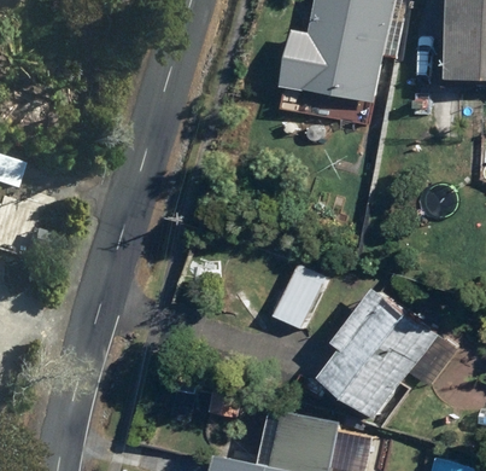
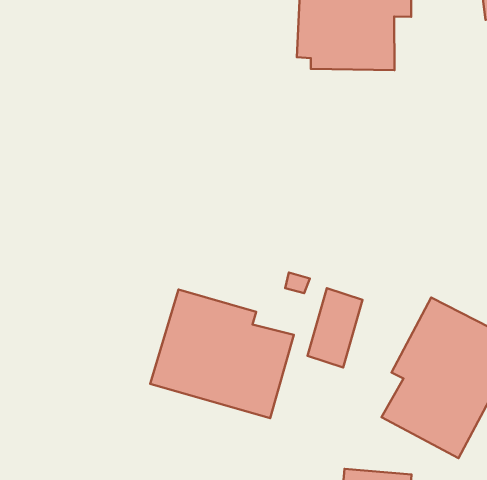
building: none -> [150,290,294,418]

